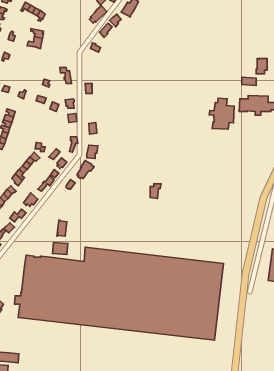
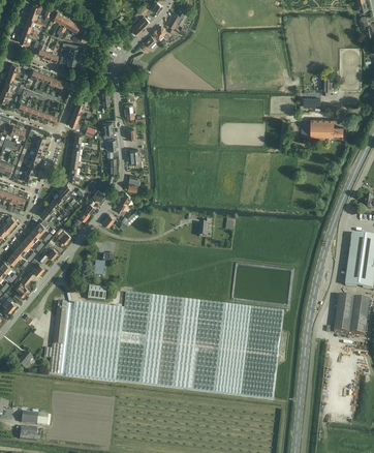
building: [209,98,234,129] -> none

